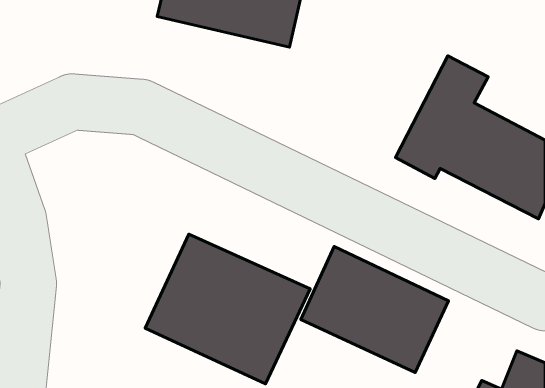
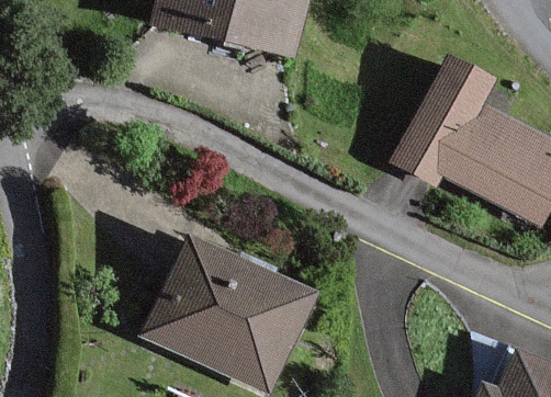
building: [301,247,448,373] -> none

